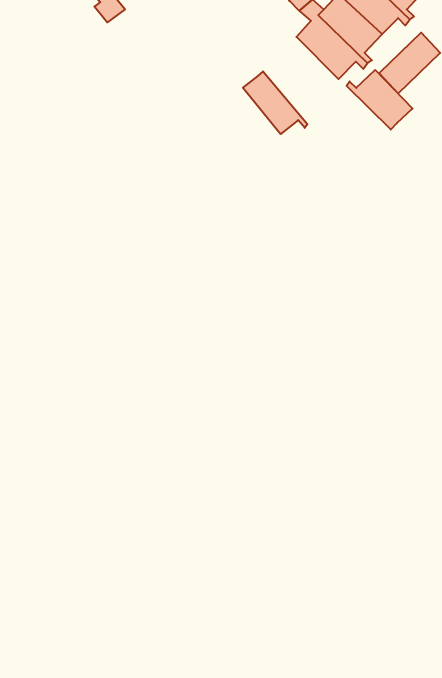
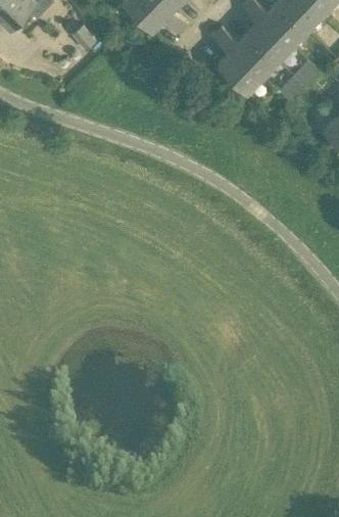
building: [347,70,413,130] -> none
building: [243,71,307,134] -> none

